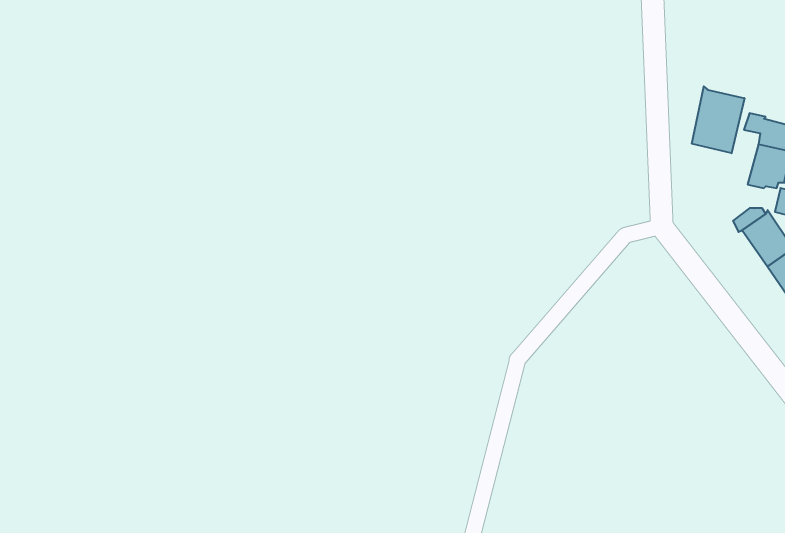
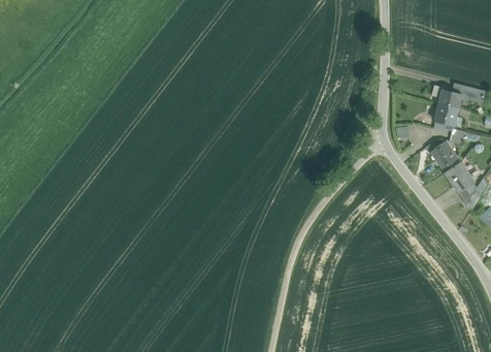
building: [692,86,744,153] -> none

